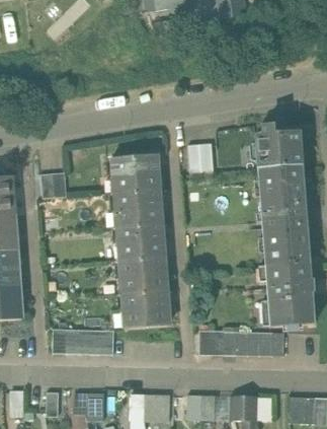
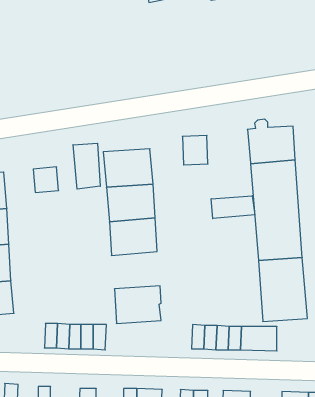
building: none -> [73,143,100,189]
building: none -> [211,196,255,219]
building: [118,257,167,294] -> none

